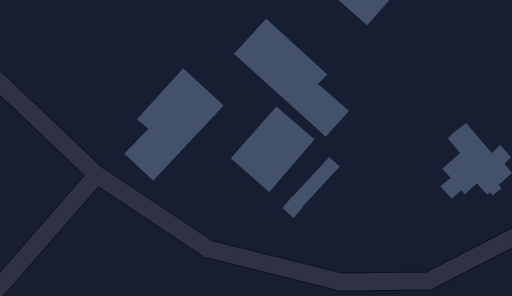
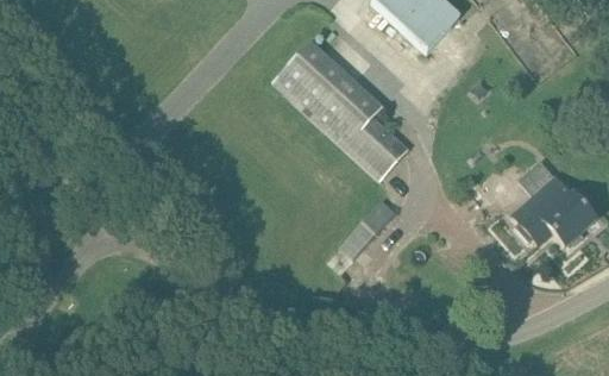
building: [123,68,224,181] -> none
building: [230,106,316,193] -> none

